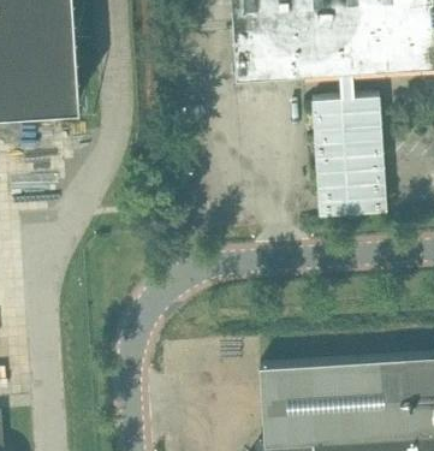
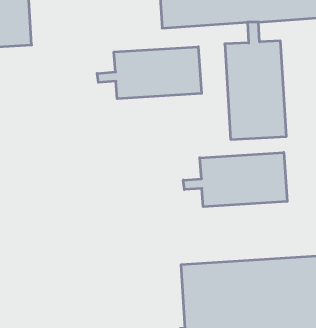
building: none -> [97,47,202,99]
building: none -> [183,152,287,207]

